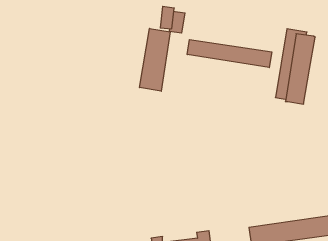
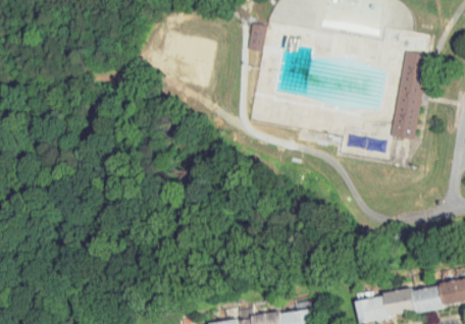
building: [140,28,170,91] -> none
building: [187,40,272,68] -> none

